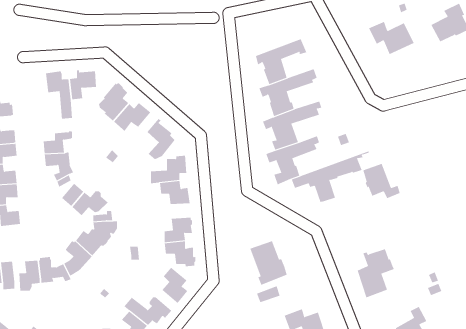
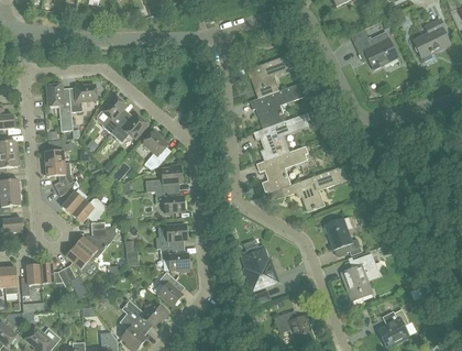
building: [362,163,401,199] -> [323,217,360,251]

